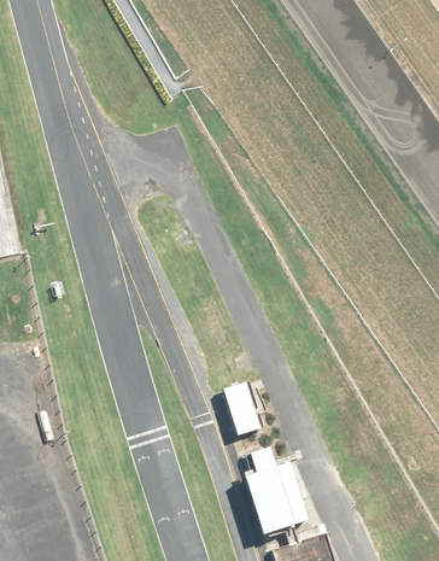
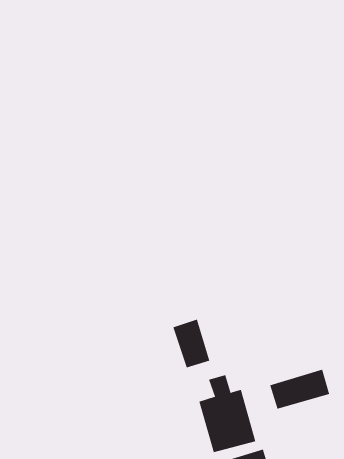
building: none -> [270,369,330,409]

